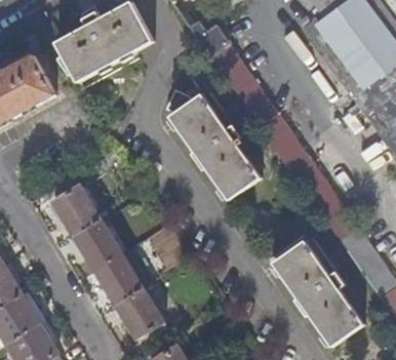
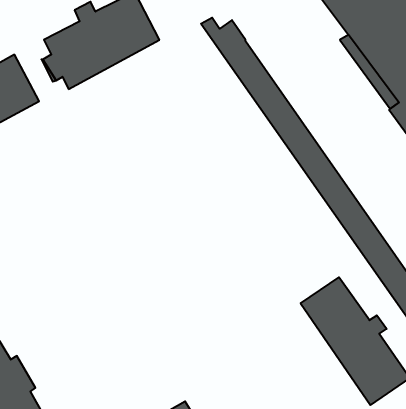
building: [167,89,266,200] -> none
building: [53,184,164,337] -> none

